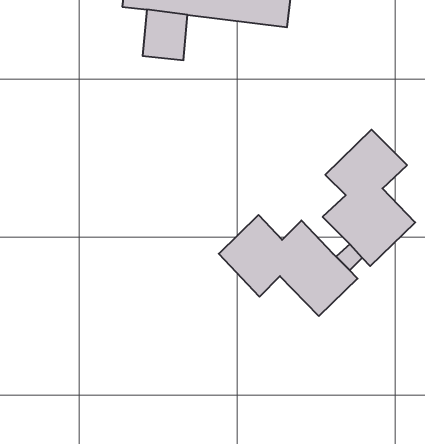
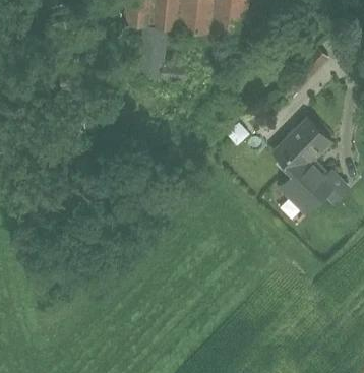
building: [219,215,358,316] -> none

